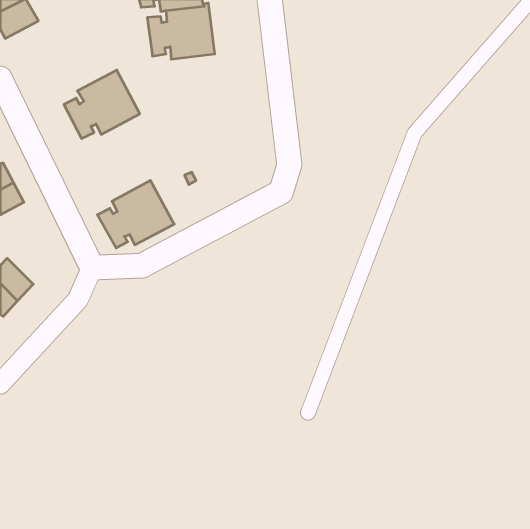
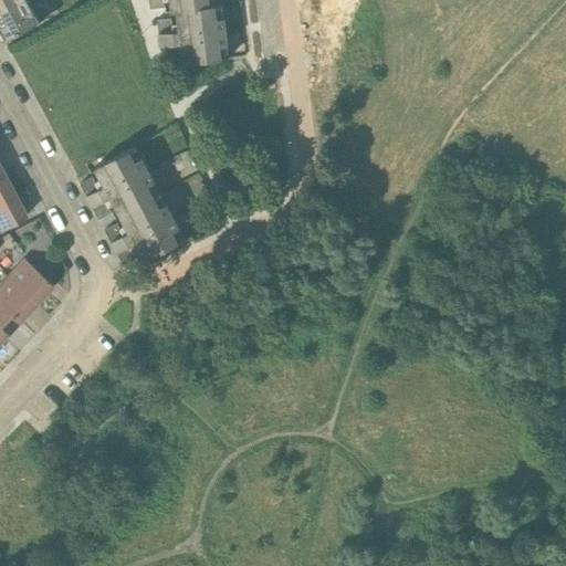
building: [64,70,140,139] -> [80,146,160,219]
building: none -> [8,258,52,303]

